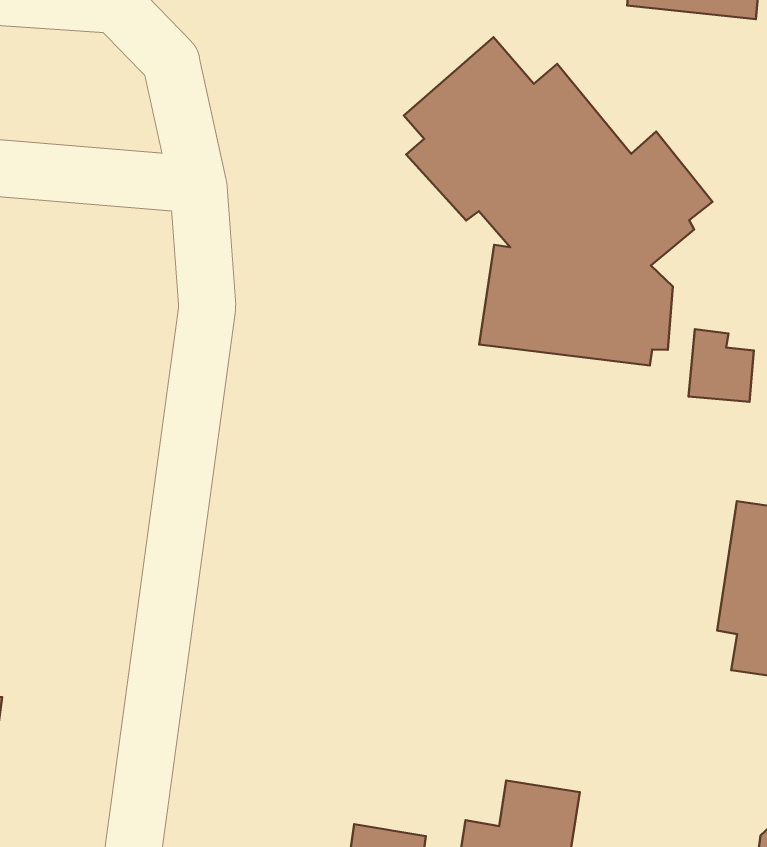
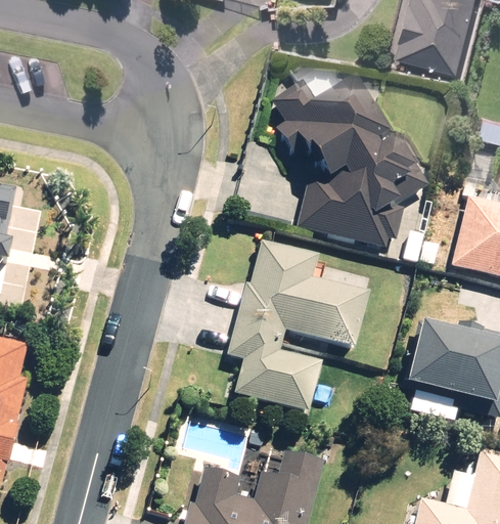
building: none -> [227,246,367,410]

